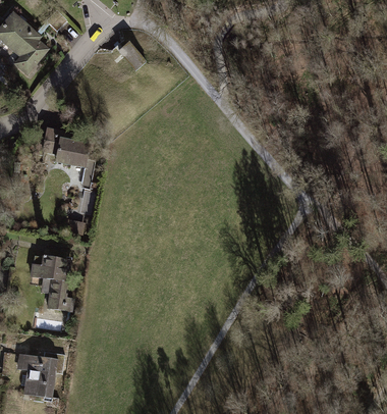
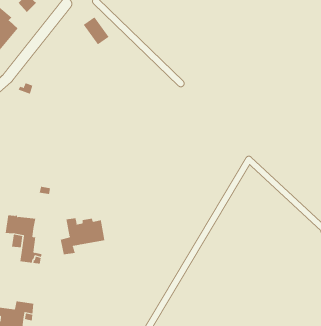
building: [35,128,96,189] -> none
building: none -> [60,217,105,255]

